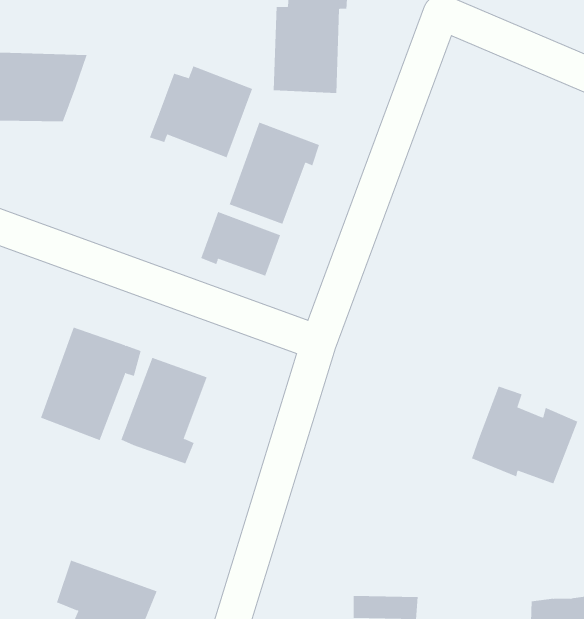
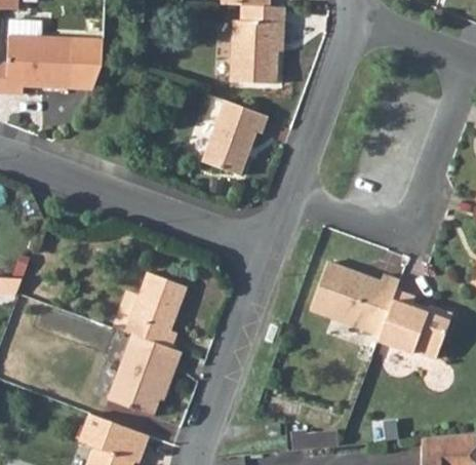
building: [149,65,253,158] -> none
building: [200,211,281,277] -> none
building: [40,327,141,441] -> [110,331,183,413]
building: none -> [318,259,399,325]

